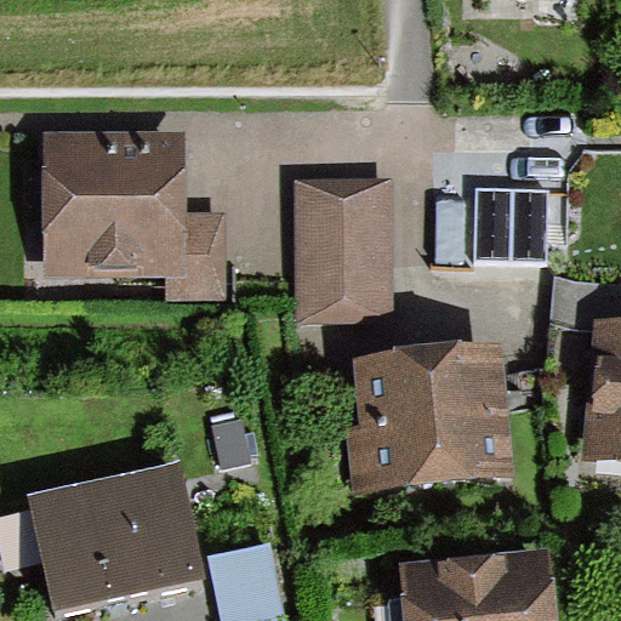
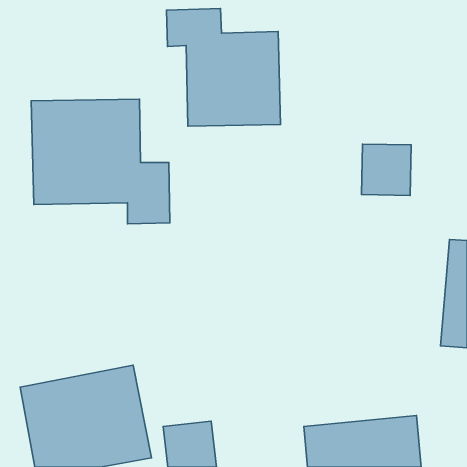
building: none -> [167,9,280,126]
building: [295,175,393,318] -> none
building: [346,342,512,490] -> none

